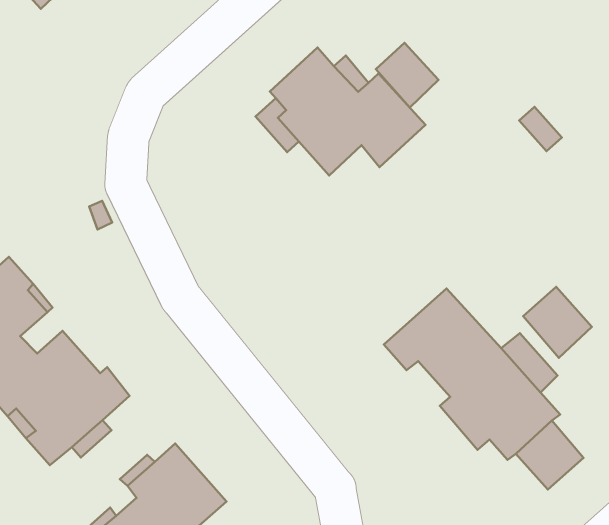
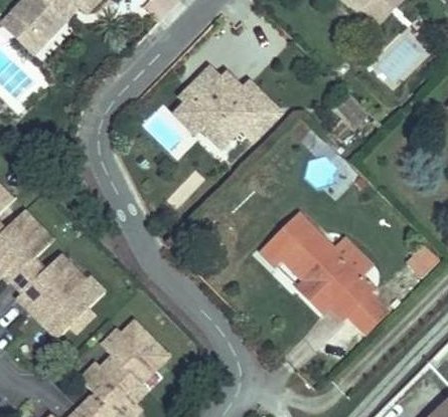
building: [376,43,438,108] -> none
building: [523,287,592,358] -> none

